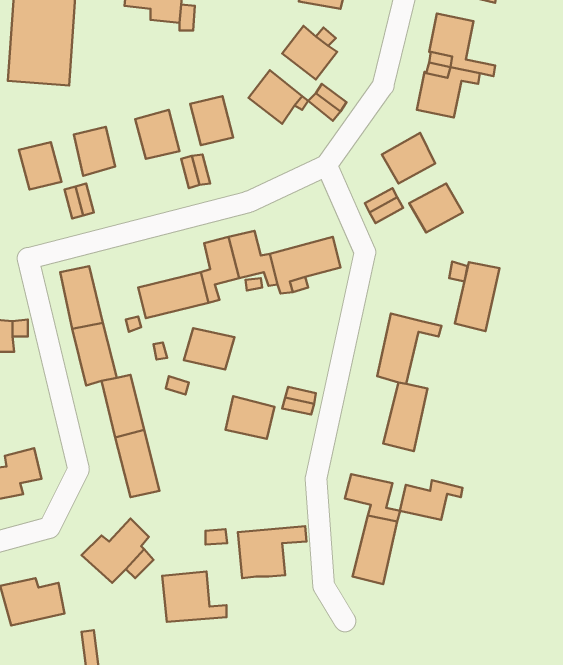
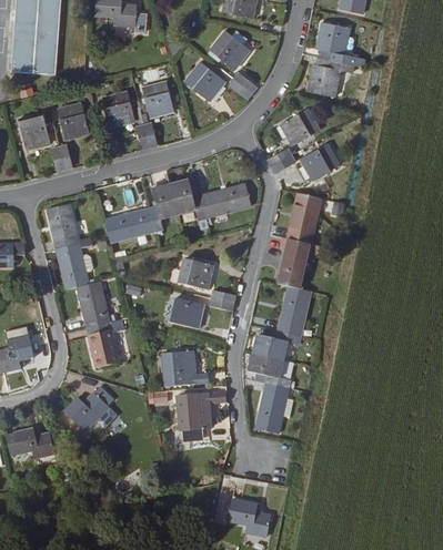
building: [455,262,499,331] -> [288,193,320,243]
building: [184,328,234,369] -> [177,258,213,288]
building: [400,480,462,520] -> [259,332,304,360]
building: [162,571,227,622] -> [164,349,211,386]

